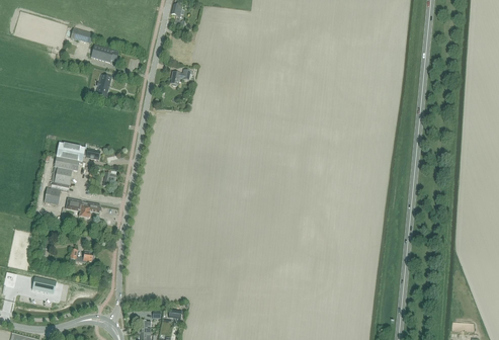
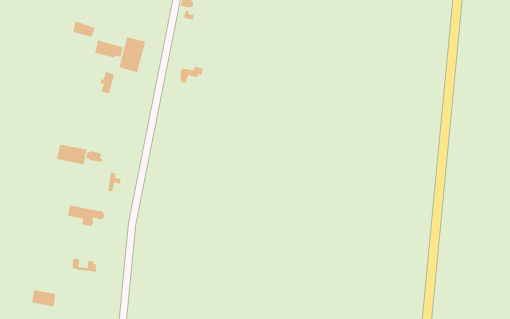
building: none -> [118,37,146,73]
building: [44,157,79,204] -> none

